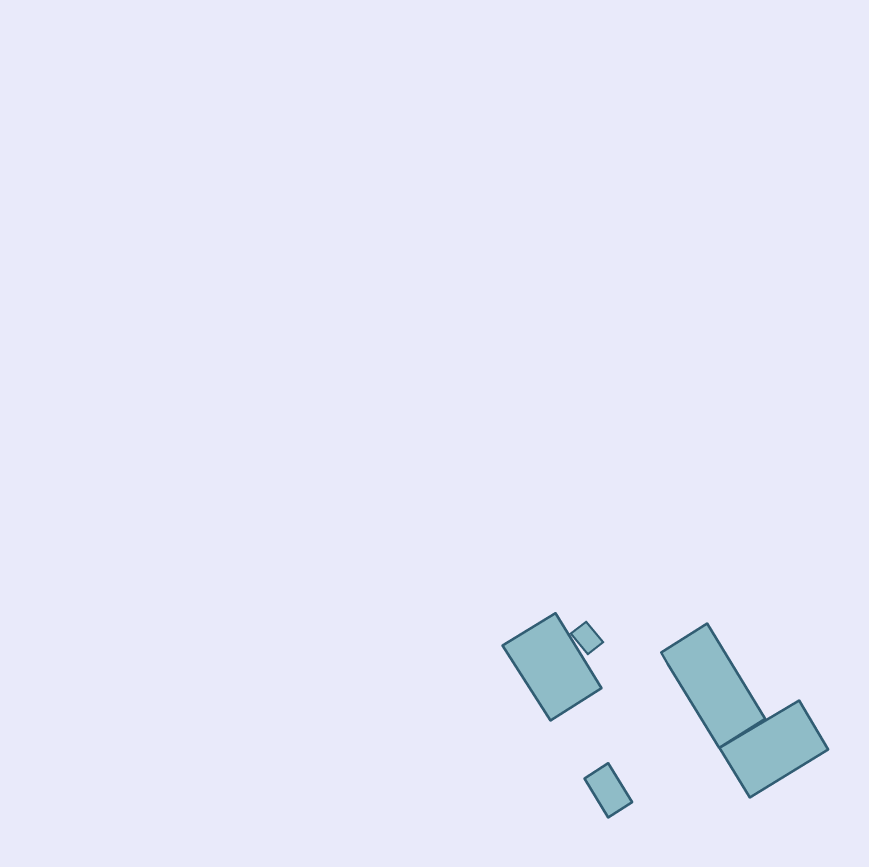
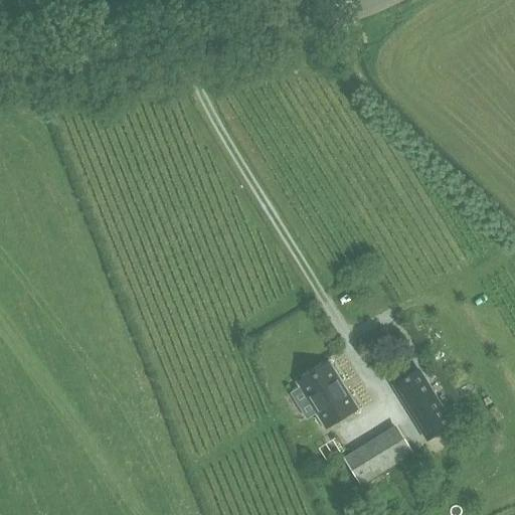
building: [719,701,828,797] -> none
building: none -> [371,427,410,467]

